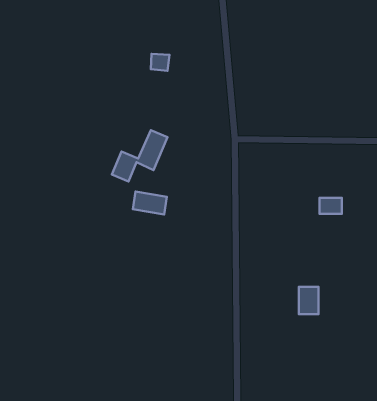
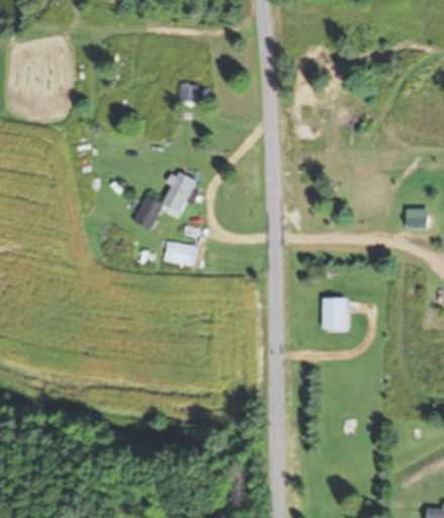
building: [320,198,342,214] -> [406,209,431,228]
building: [299,287,318,314] -> [324,297,346,329]

